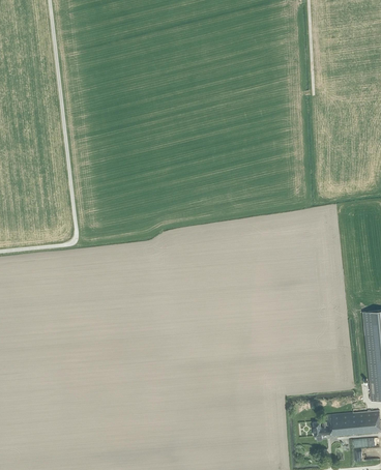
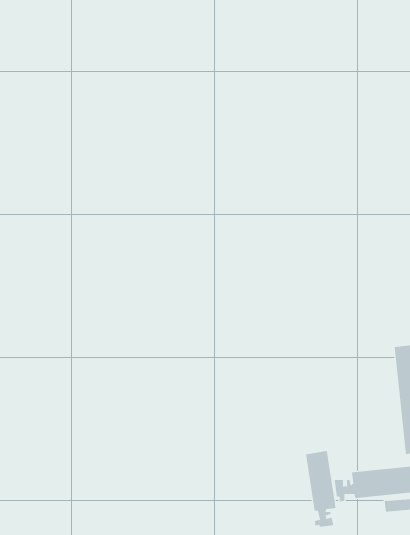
building: none -> [305,450,336,528]

